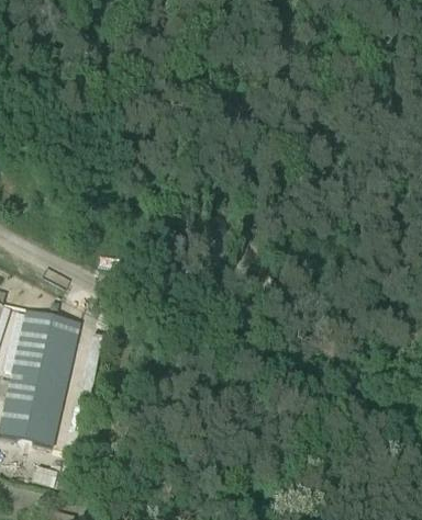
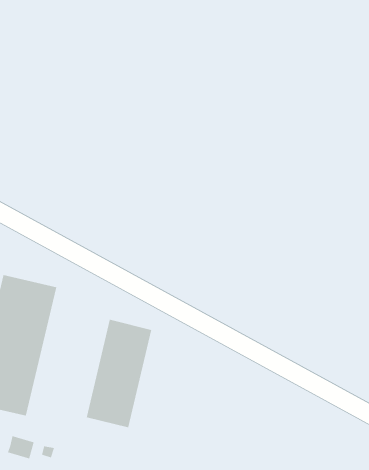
building: none -> [86,319,152,428]

